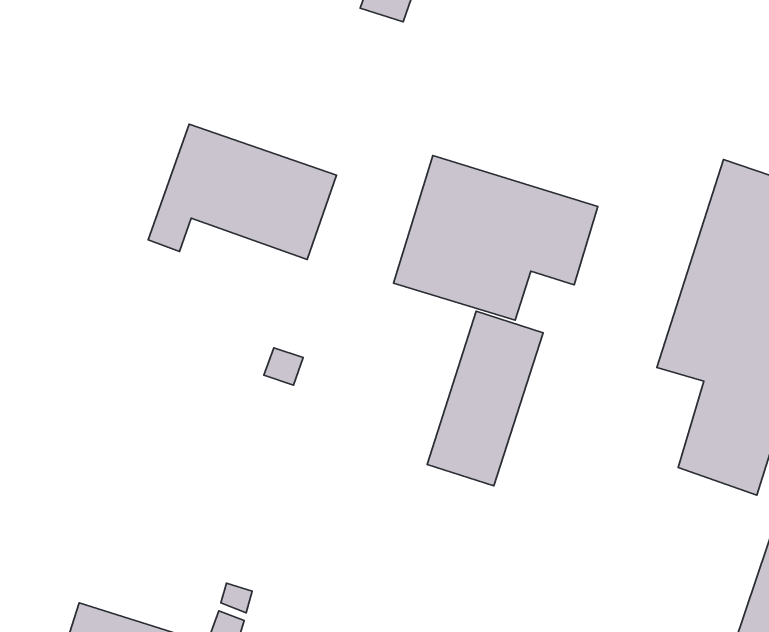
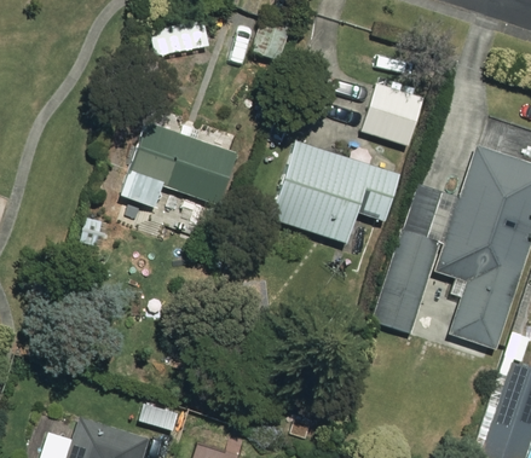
building: none -> [362,82,423,146]
building: [427,311,543,486] -> [369,227,440,335]

